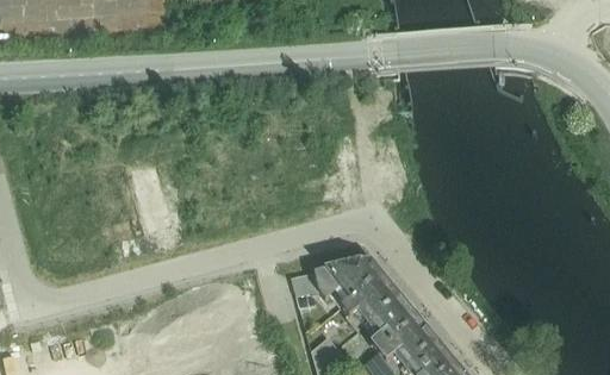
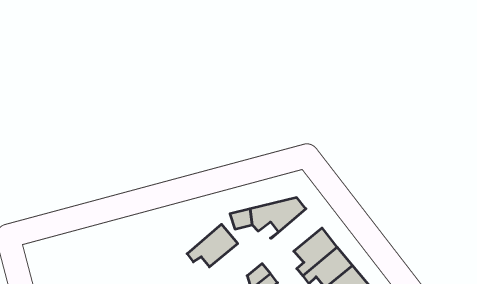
building: [341,269,400,319] -> [187,224,238,267]

